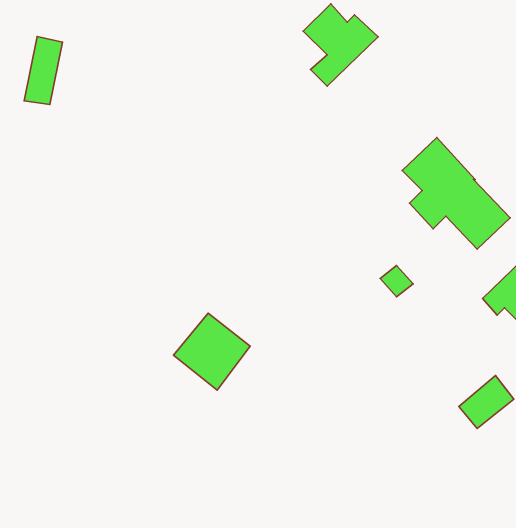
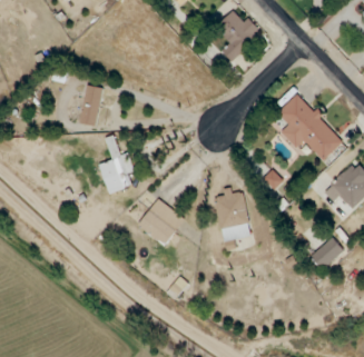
building: [24,37,63,104] -> [79,85,102,126]
building: none -> [99,136,134,194]
building: none -> [214,189,252,242]

